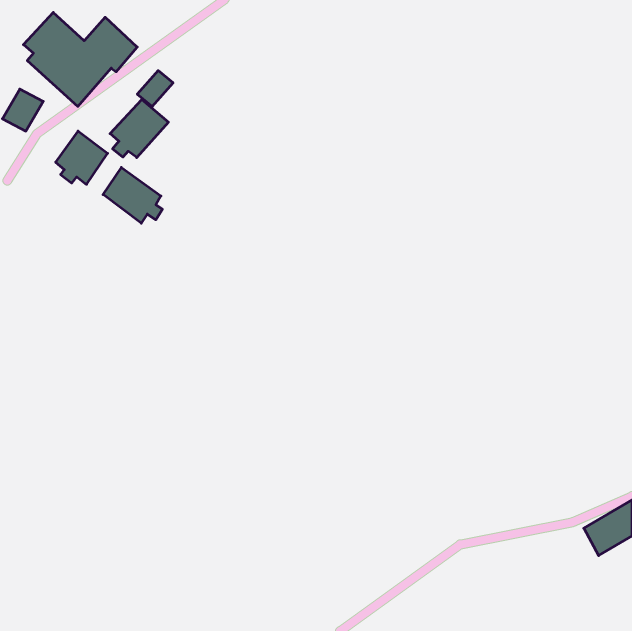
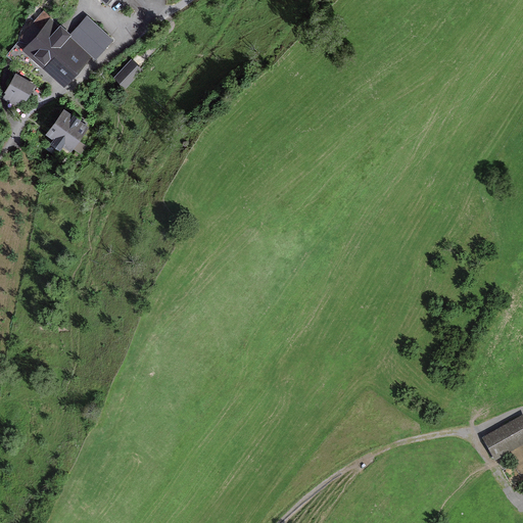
building: [110,100,168,158] -> none
building: [103,167,162,223] -> none

